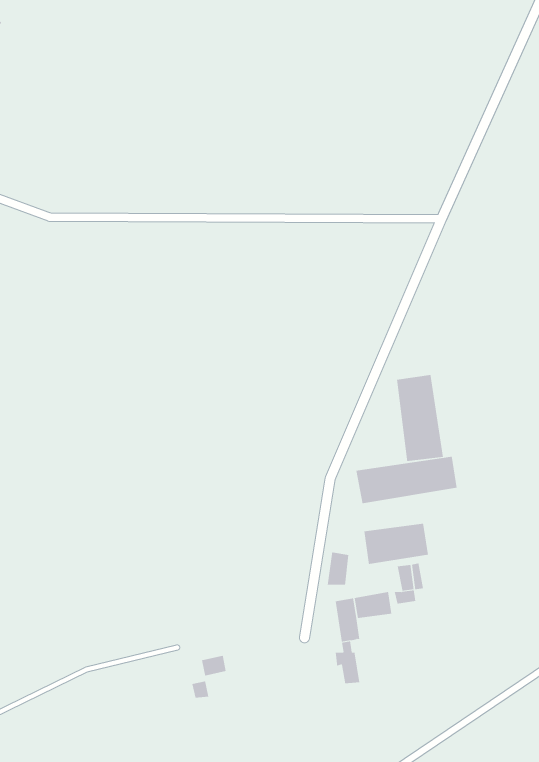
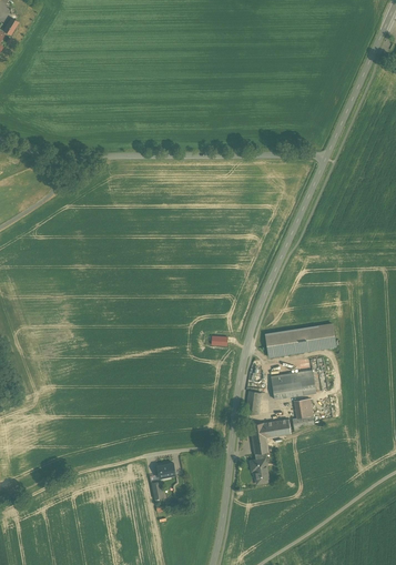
building: [396,374,444,462] -> none

